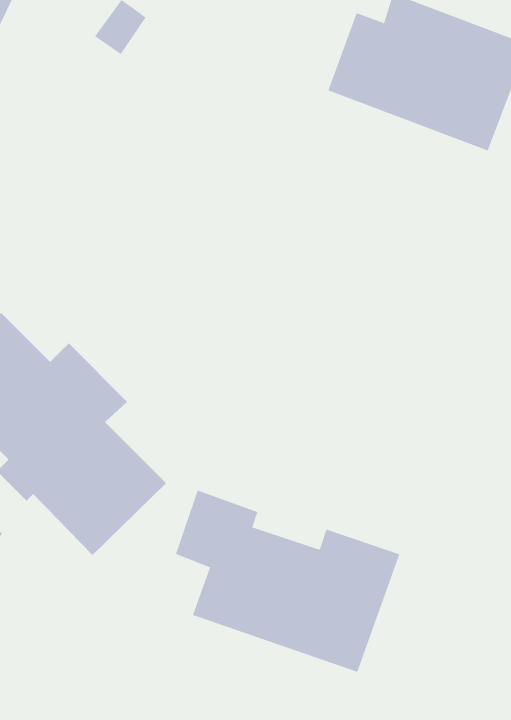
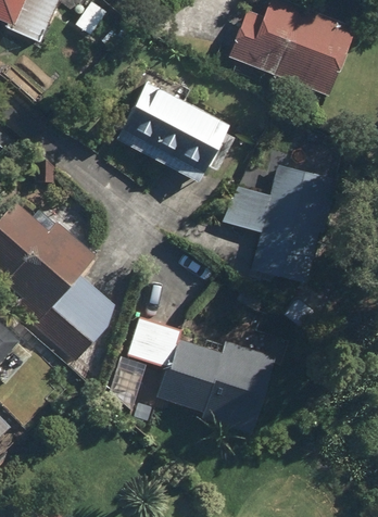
building: none -> [111,72,232,186]
building: none -> [224,162,333,285]

